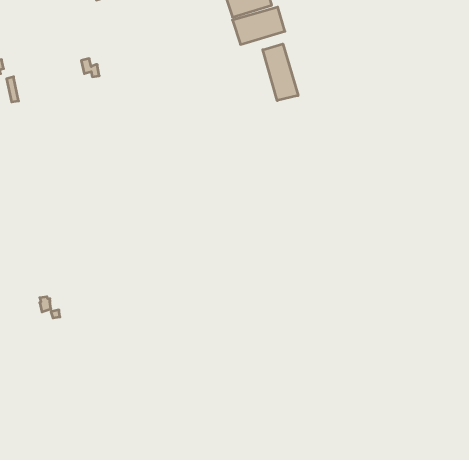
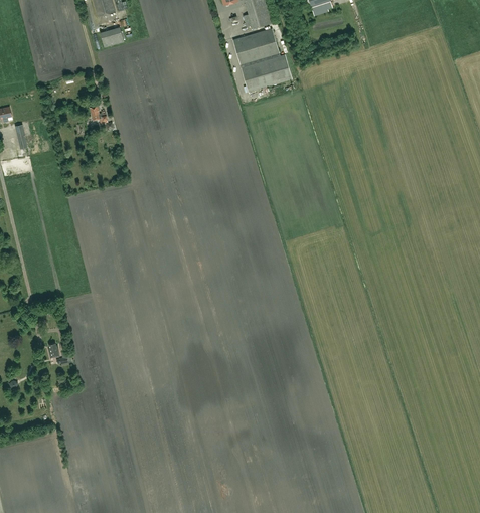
building: [263,44,298,101] -> none

